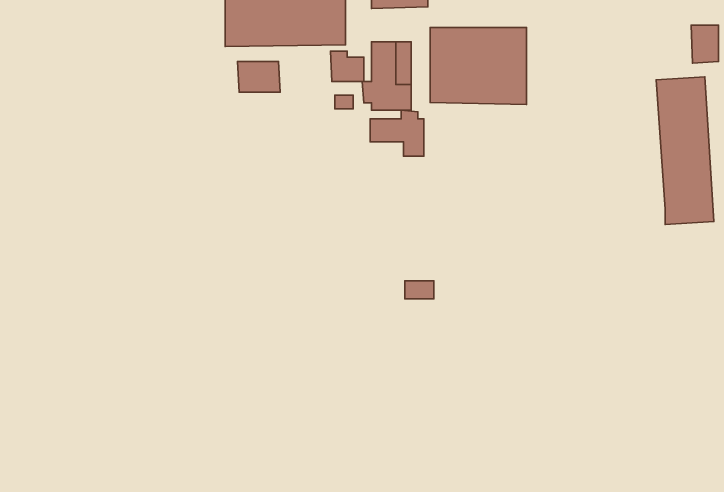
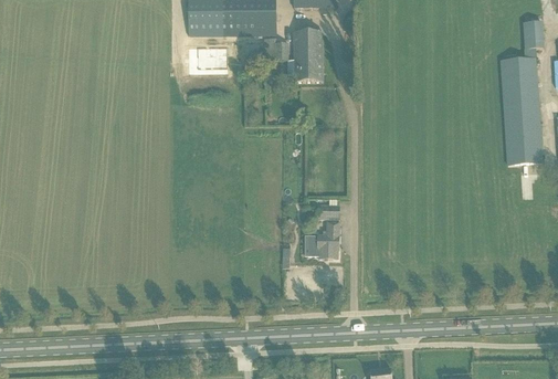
building: [430,27,526,104] -> none
building: [370,110,424,156] -> none
building: none -> [304,222,338,259]

